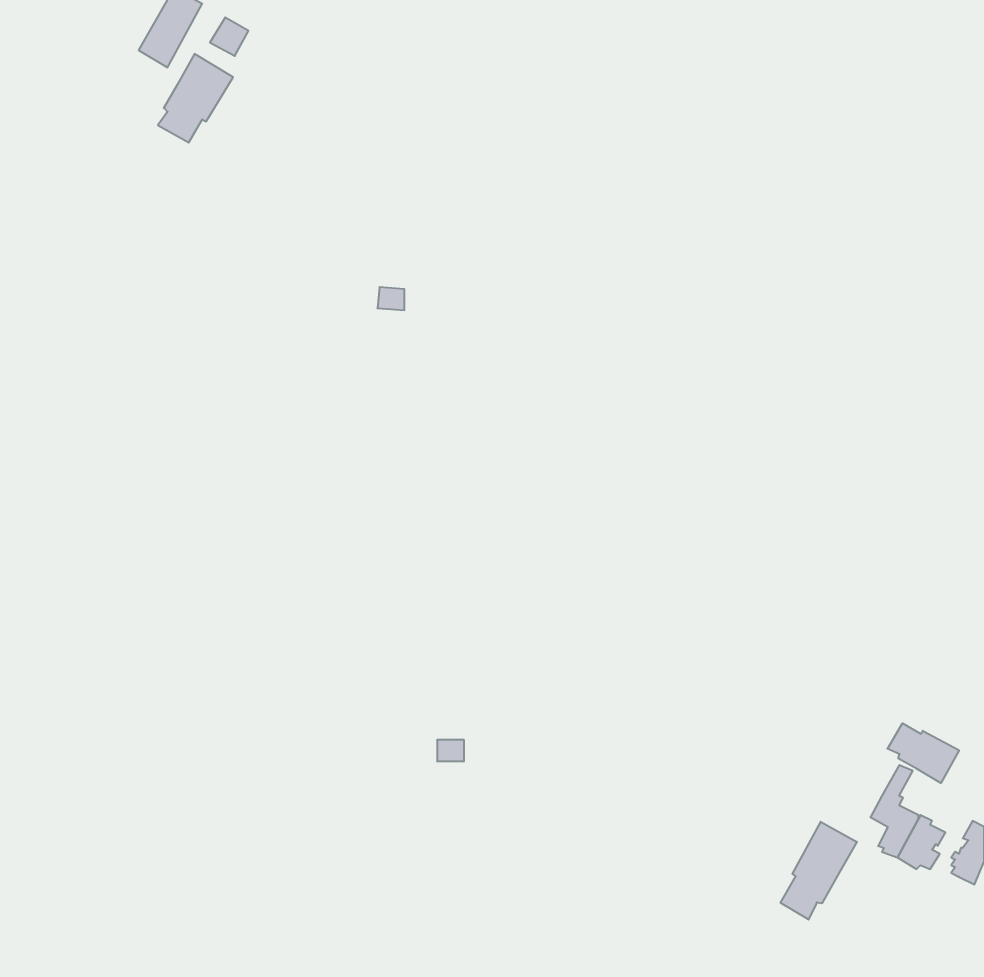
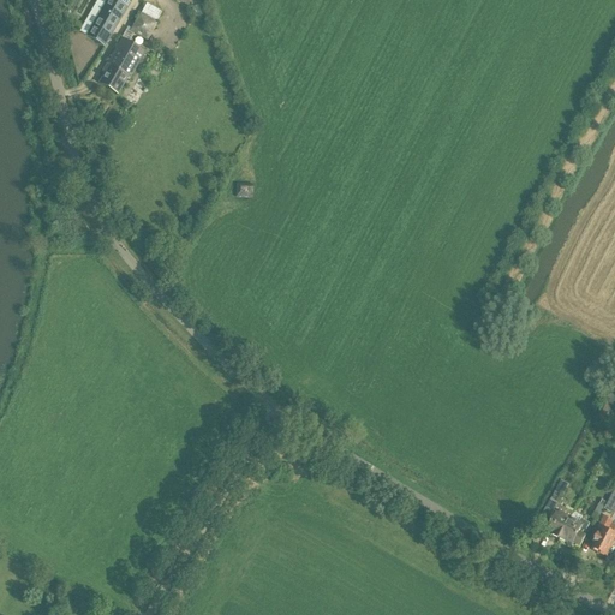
building: [887,723,959,783] -> none
building: [781,822,857,920] -> none

